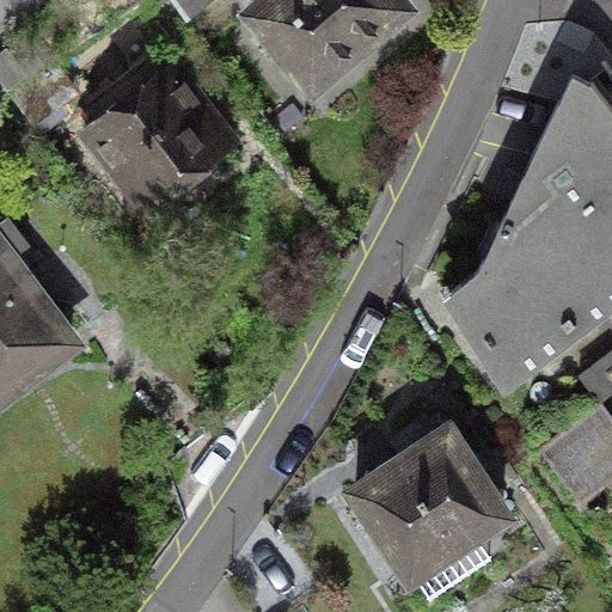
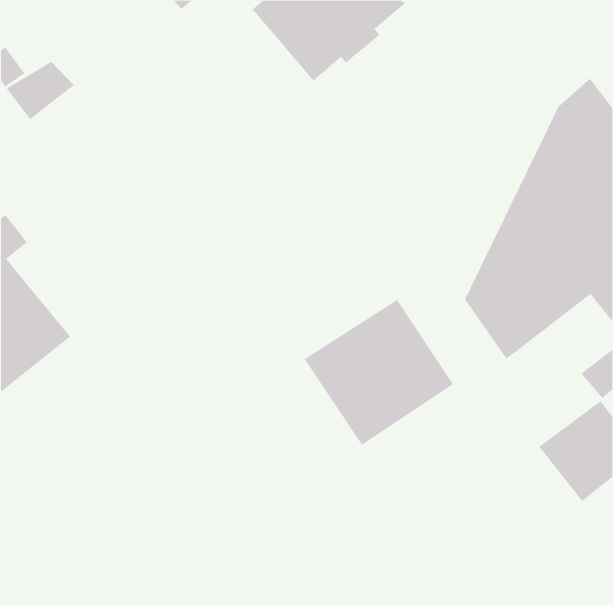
building: [92,76,231,215] -> none
building: [354,433,503,579] -> [304,299,454,445]

